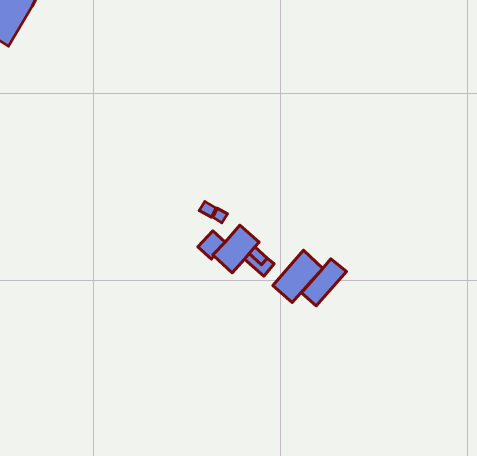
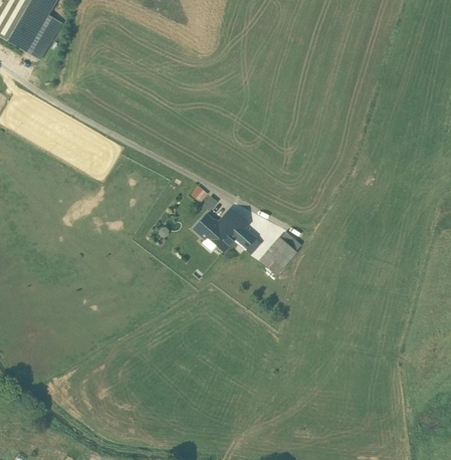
building: none -> [26,16,60,59]
building: [301,259,347,306] -> none

